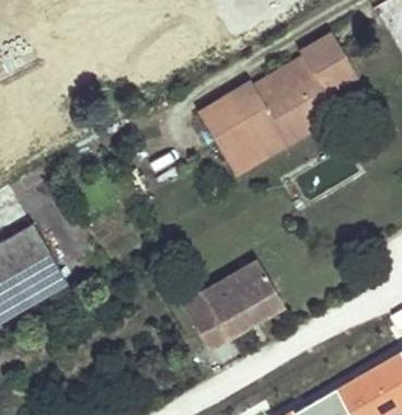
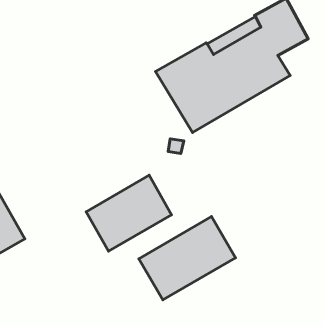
building: none -> [86,175,172,251]

